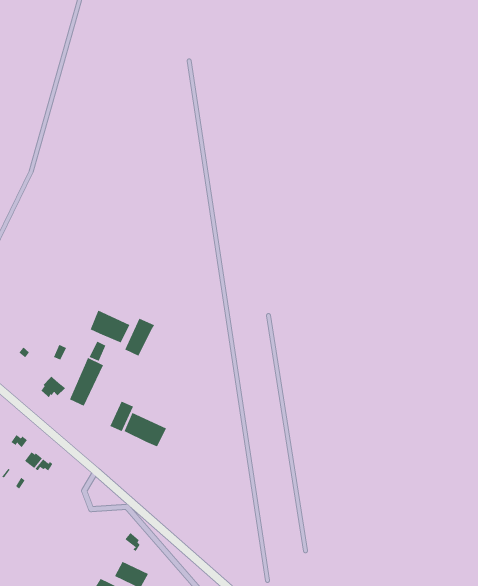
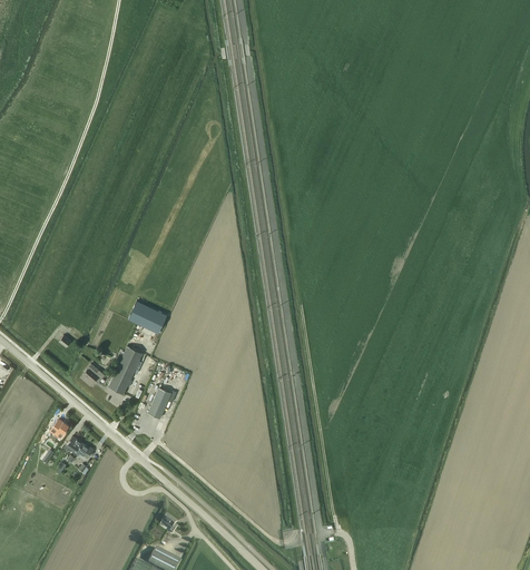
building: [124,318,155,356] -> none
building: [124,412,167,447] -> none

